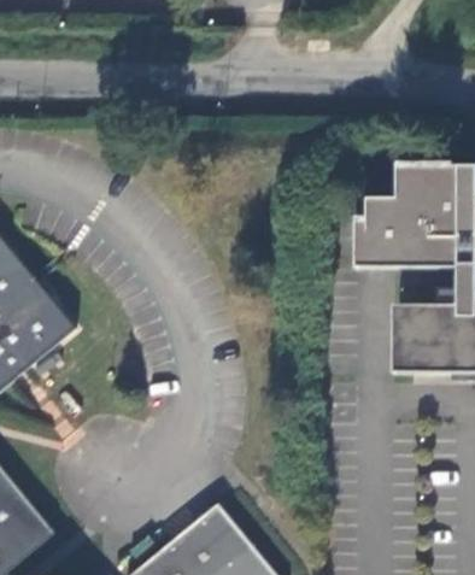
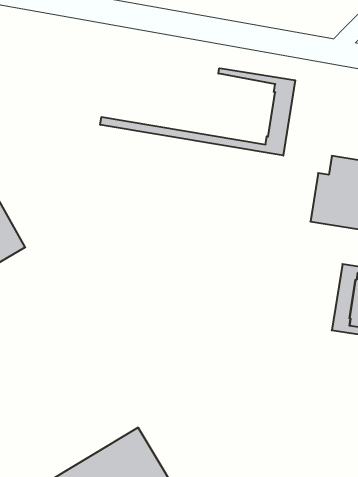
building: none -> [100,68,295,156]

